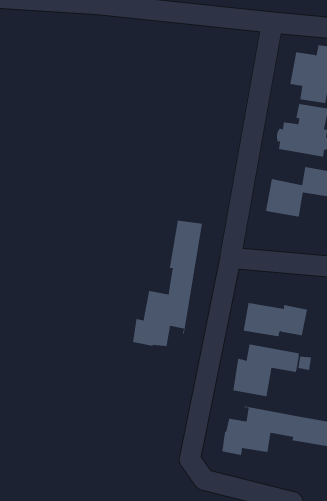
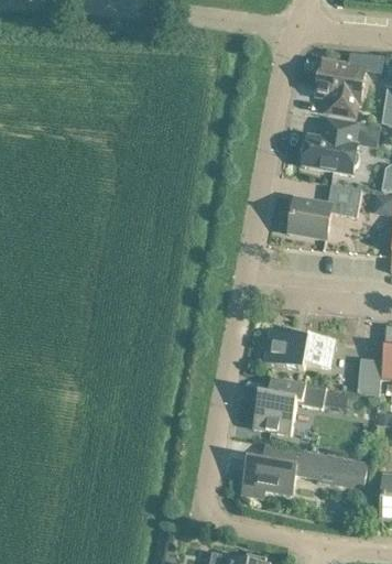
building: [133,220,203,347] -> none

